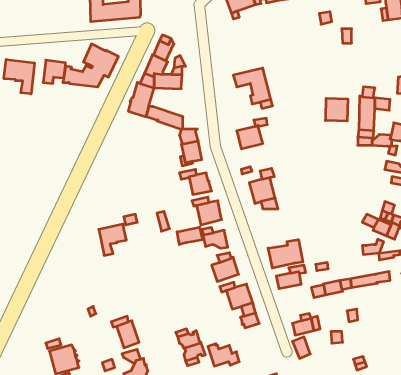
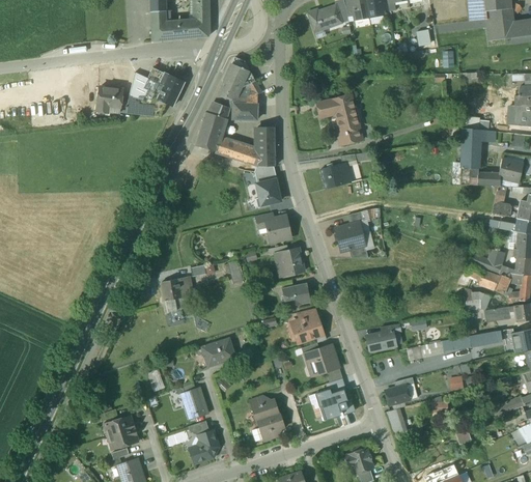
building: [4,59,34,94] -> none
building: none -> [257,126,275,166]
building: [325,98,348,121] -> none
building: [177,227,203,245] -> none
building: [268,240,303,268] -> none
building: none -> [201,338,235,367]
building: [208,344,239,366] -> [317,390,354,416]

